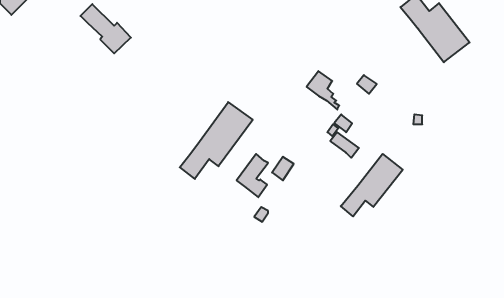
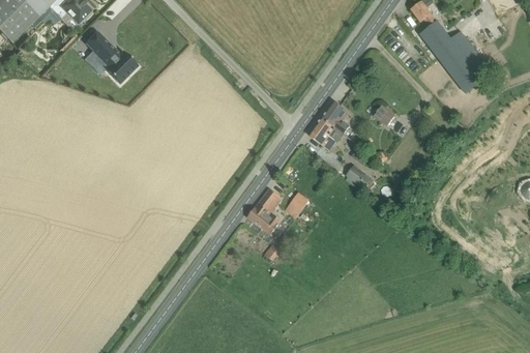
building: none -> [310,118,343,149]
building: [180,102,253,179] -> none
building: [341,154,403,216] -> none

